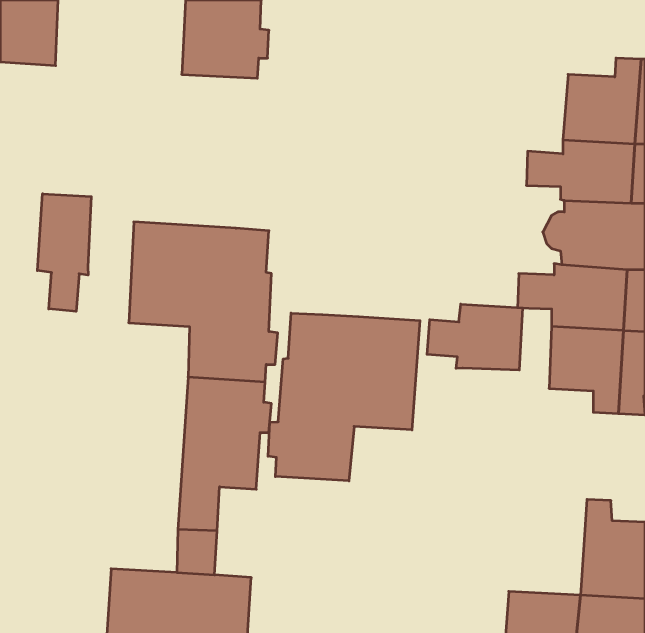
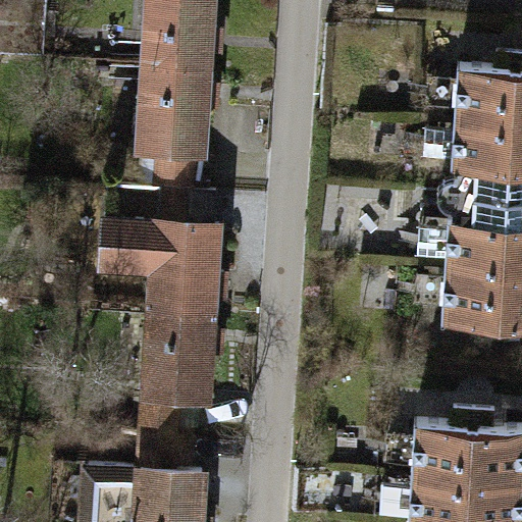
building: none -> [143,69,214,194]
building: [37,194,91,311] -> none
building: [427,304,523,370] -> none
building: [268,313,420,481] -> none
building: none -> [411,411,474,490]

